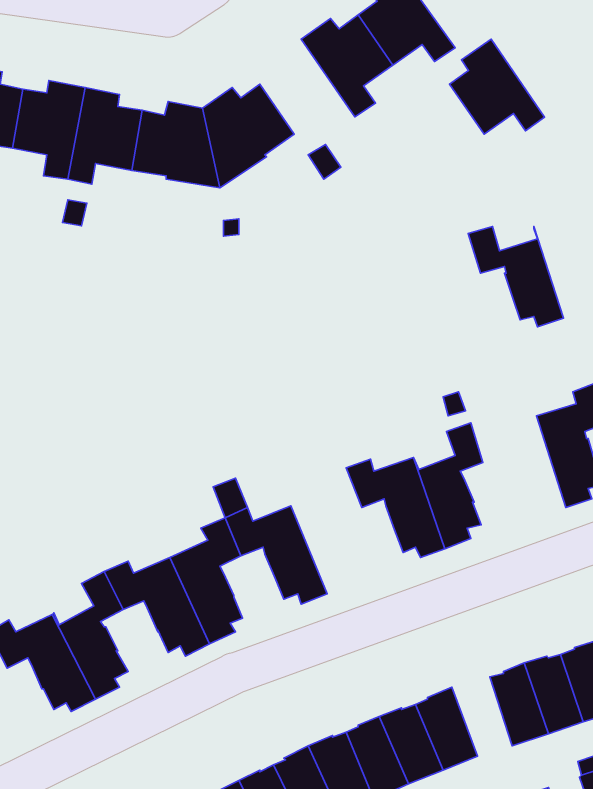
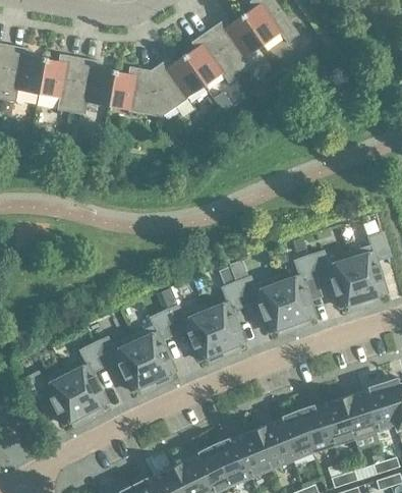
building: [449,39,545,134] -> [184,30,240,86]
building: [468,227,563,327] -> [308,252,364,311]
building: none -> [203,266,244,357]
building: none -> [297,405,333,452]

